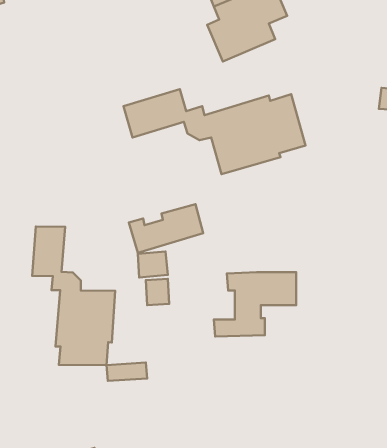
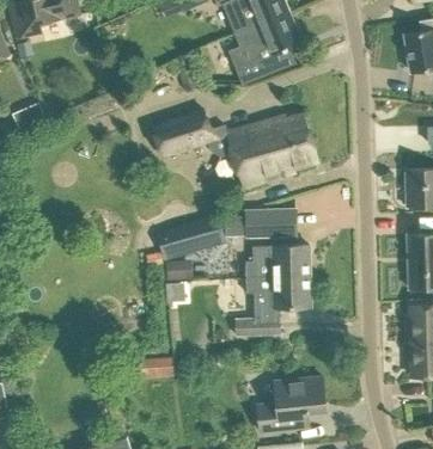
building: none -> [245,210,295,236]
building: [32,227,115,365] -> none
building: none -> [246,245,310,278]
building: none -> [256,374,327,430]

